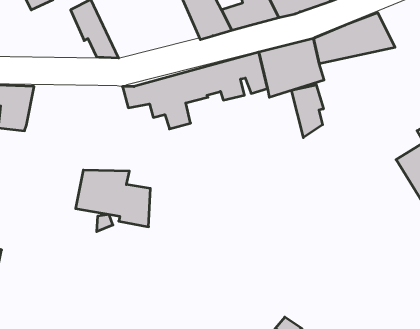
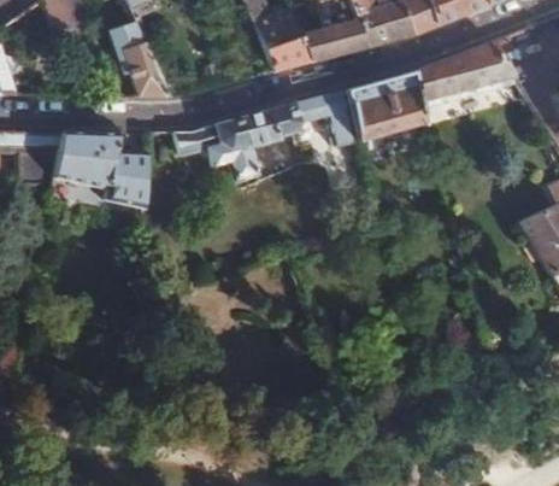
building: [292,85,323,138] -> none
building: [76,170,150,227] -> [55,131,149,203]

